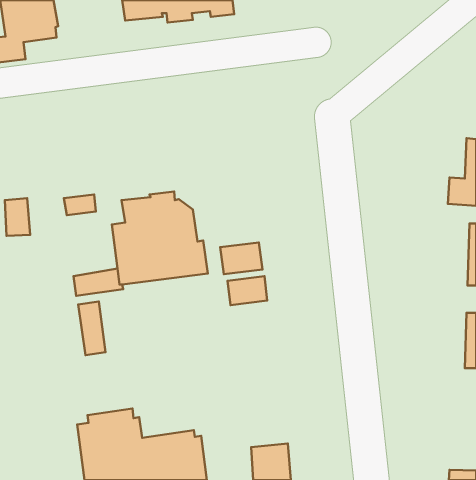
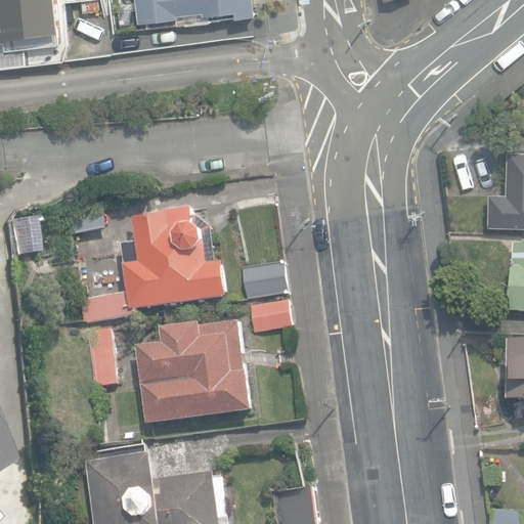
building: none -> [136,320,251,426]

